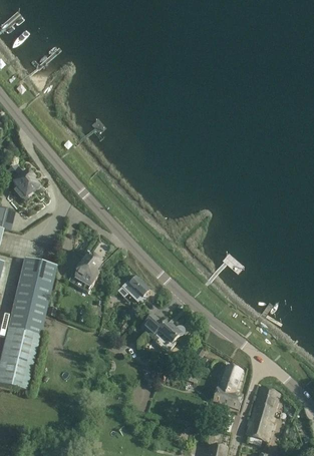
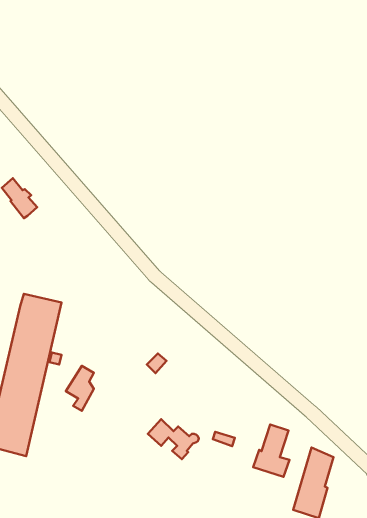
building: [75,254,98,291] -> [66,366,94,411]
building: [121,275,150,301] -> none
building: [141,314,184,347] -> [148,419,199,459]

